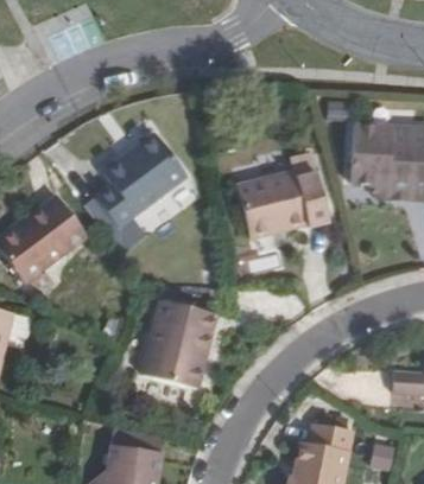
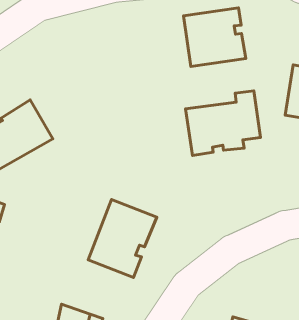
building: none -> [183,8,246,66]
building: [99,140,190,233] -> none

